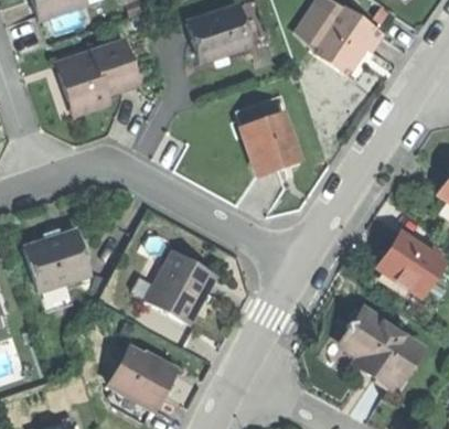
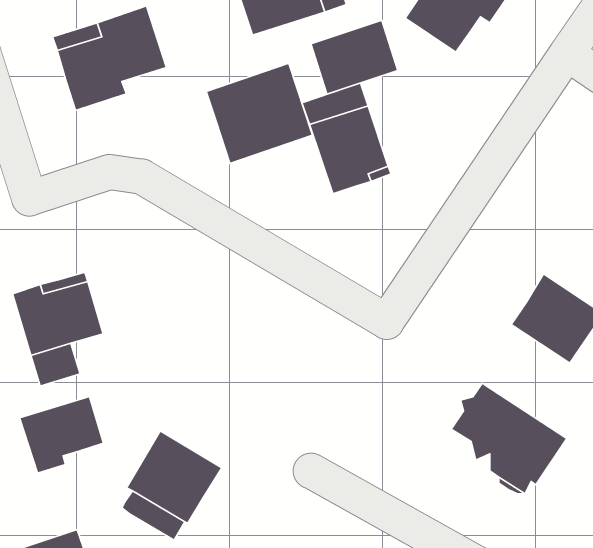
building: none -> [311,20,398,94]
building: none -> [206,63,312,163]
building: [145,249,217,322] -> none
building: none -> [20,396,104,473]

